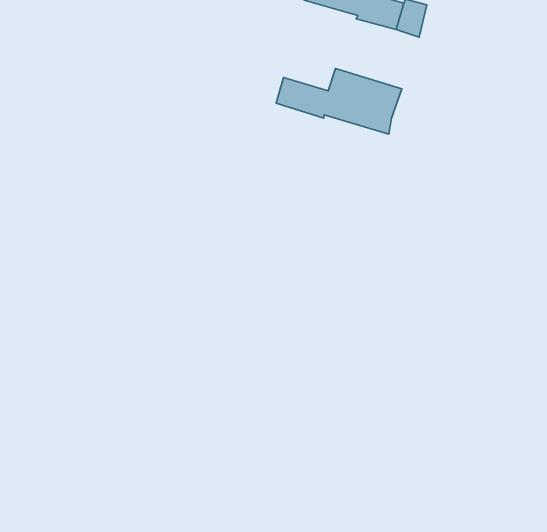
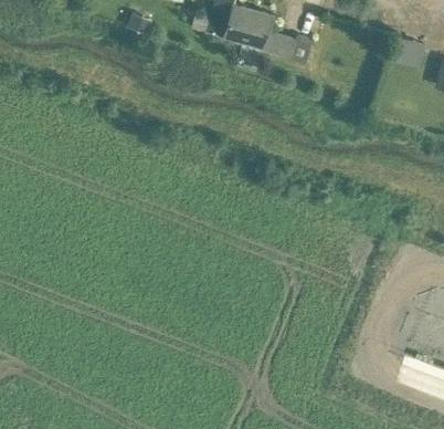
building: [276,68,402,134] -> none

